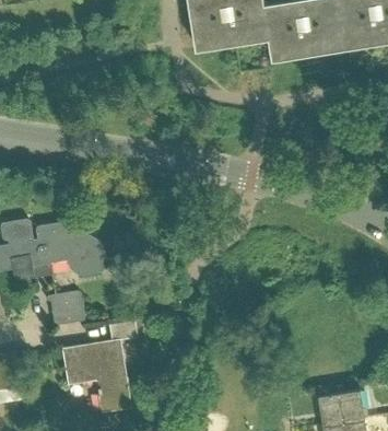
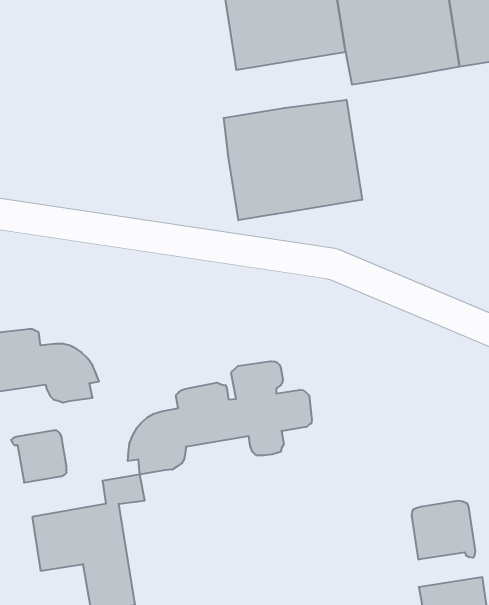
building: none -> [224,100,362,220]
building: none -> [128,361,312,474]
building: none -> [412,501,475,560]

